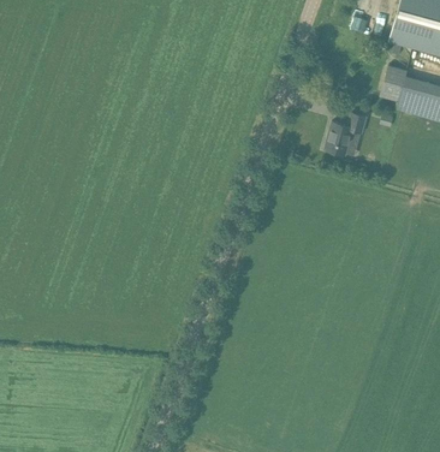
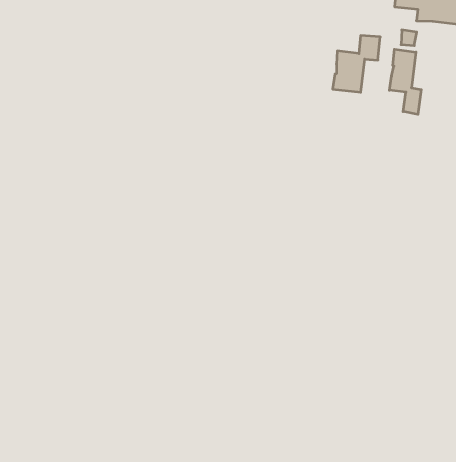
building: none -> [389,49,421,114]

